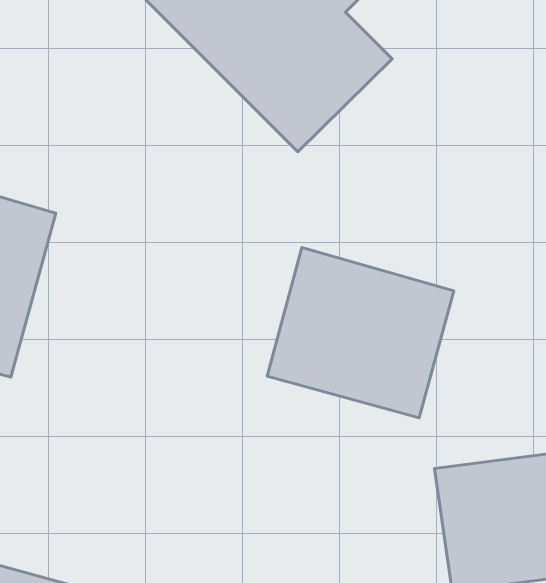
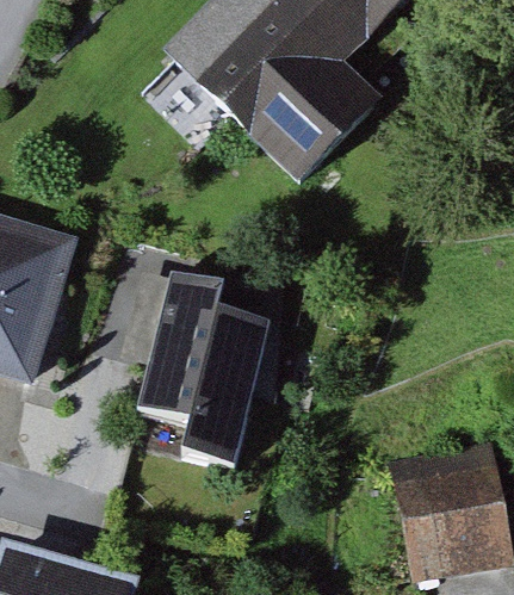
building: [267,247,454,418] -> none
building: none -> [126,272,270,460]

